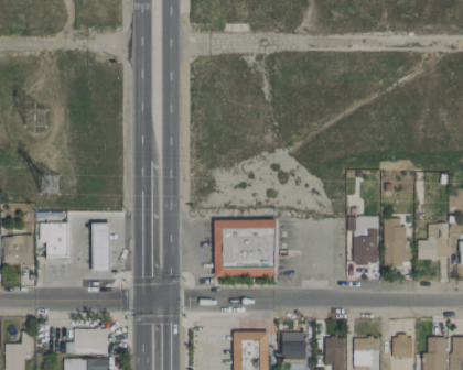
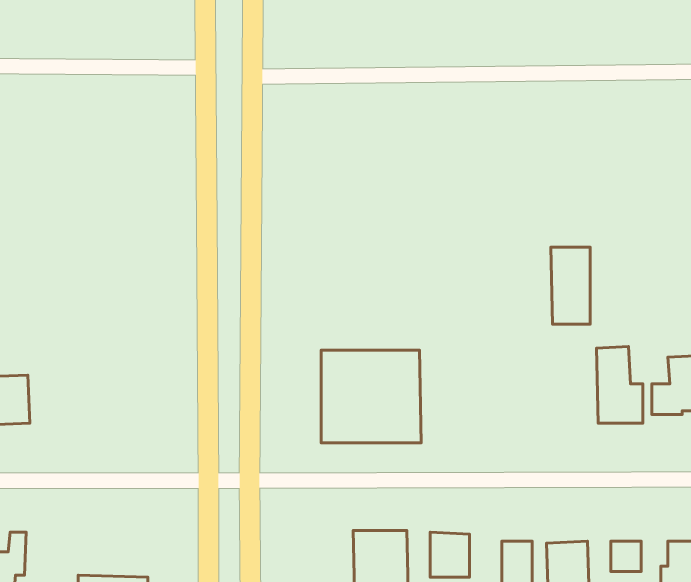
building: [354,216,378,263] -> [551,247,590,324]
building: [40,221,68,258] -> none
building: [94,224,110,272] -> none
building: [74,328,108,353] -> none

